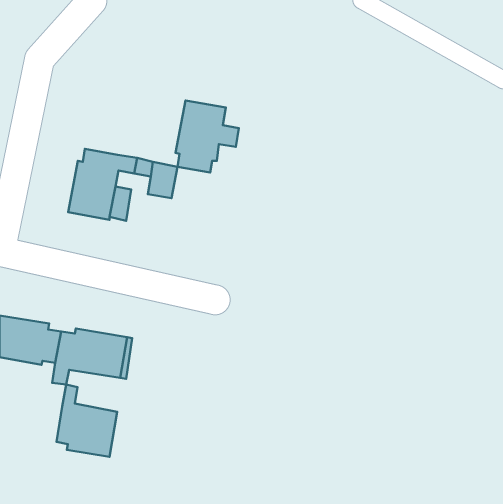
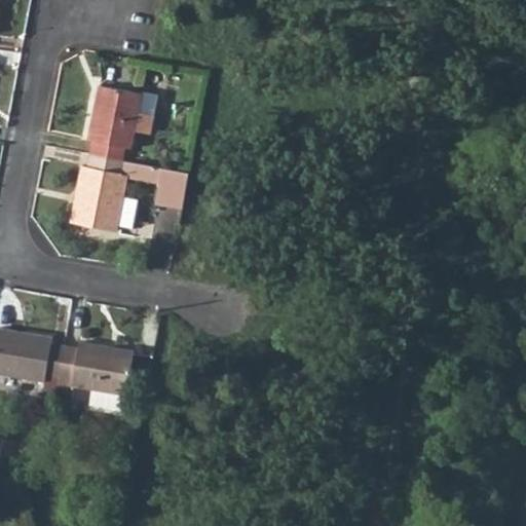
building: [176,101,239,173] -> [86,86,152,161]
building: [56,385,117,457] -> none

